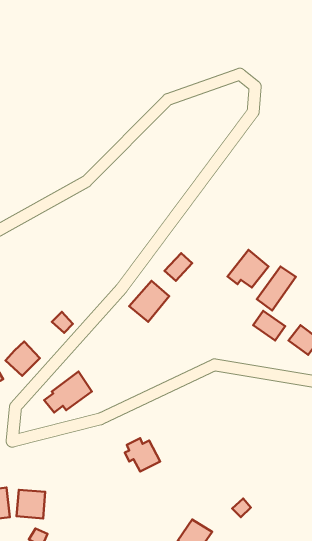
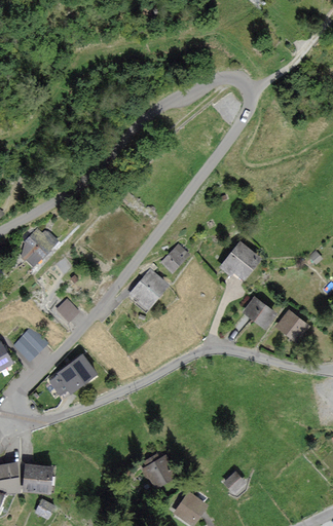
building: none -> [23,229,57,265]
building: [257,266,296,311] -> none
building: [125,438,160,471] -> [142,455,175,486]

